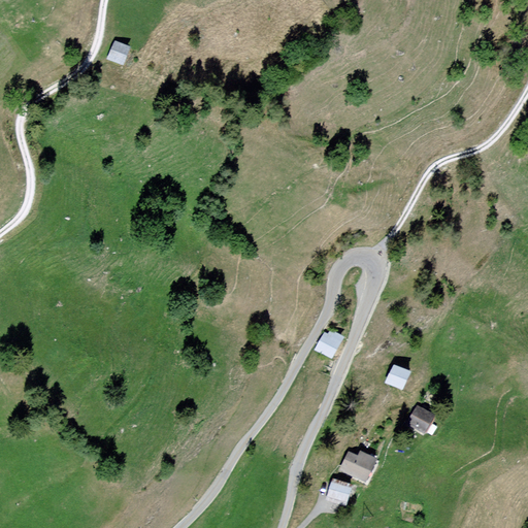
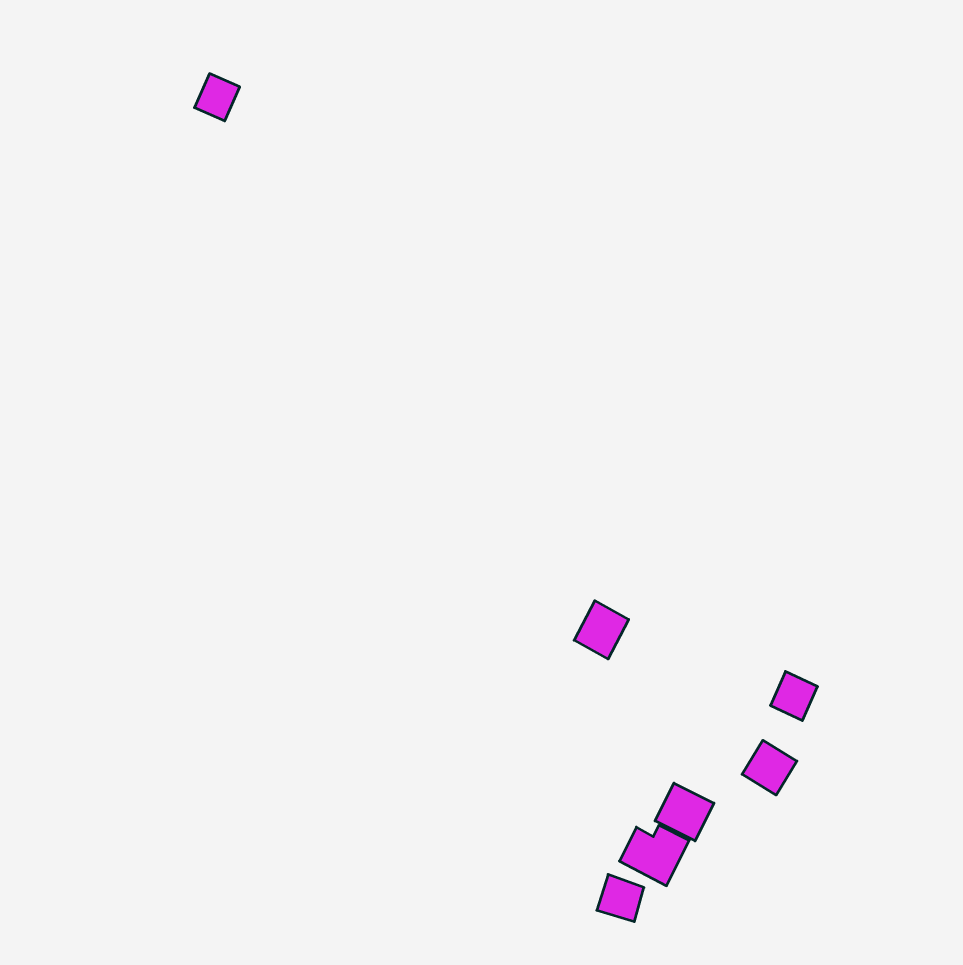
building: [385,363,410,390] -> [770,671,818,721]
building: none -> [655,783,714,841]

